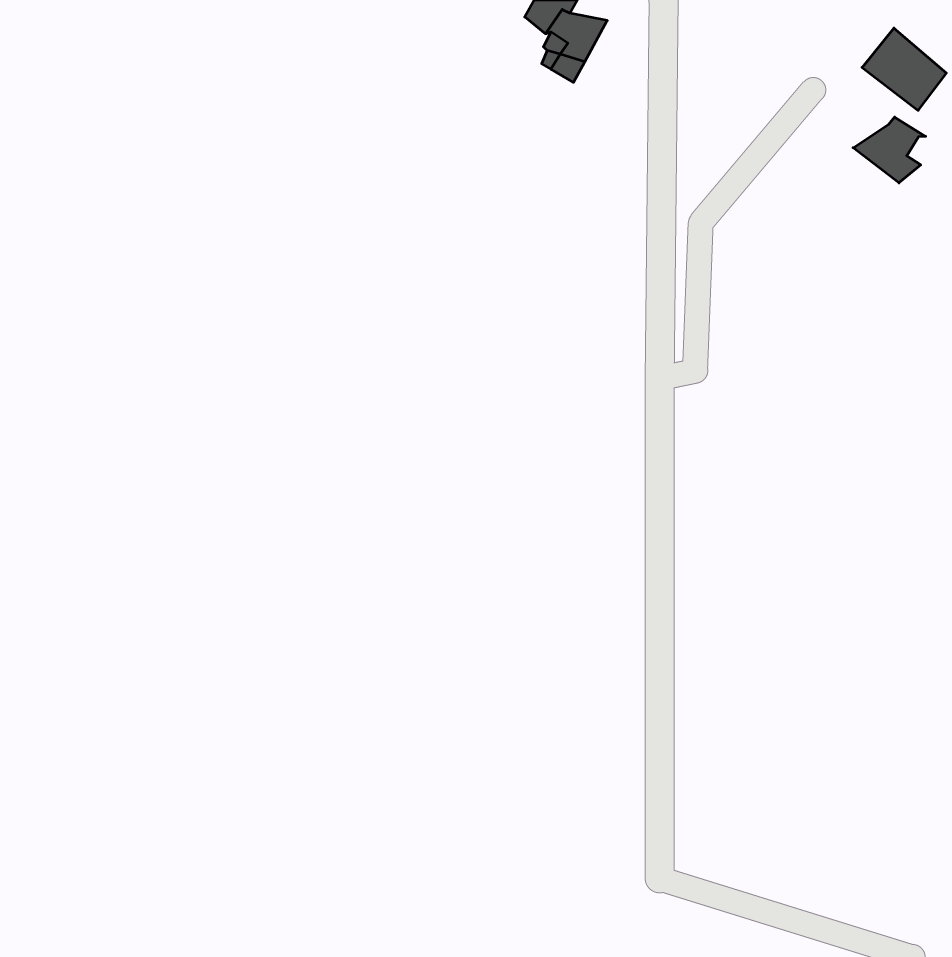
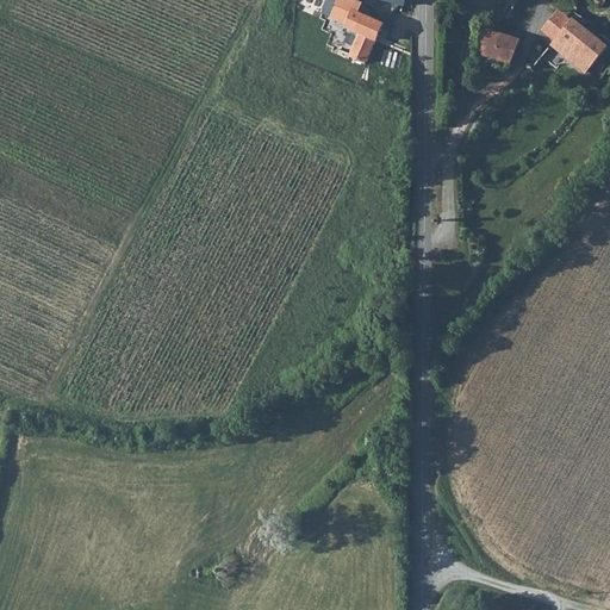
building: none -> [473,26,515,62]
building: [853,117,926,183] -> none

